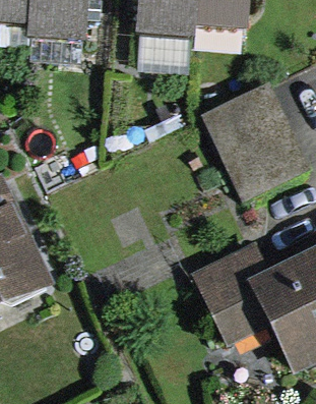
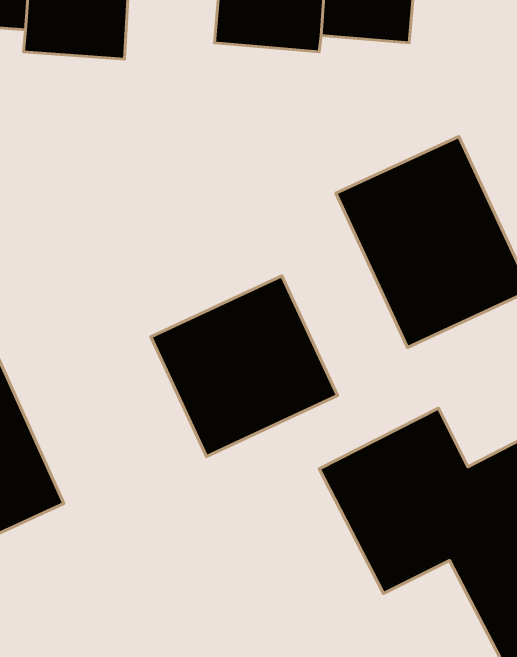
building: none -> [151,276,338,456]

